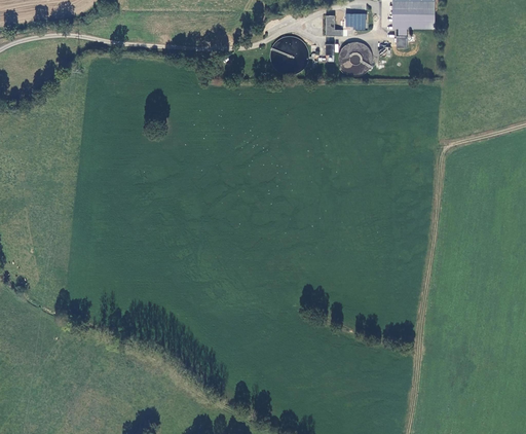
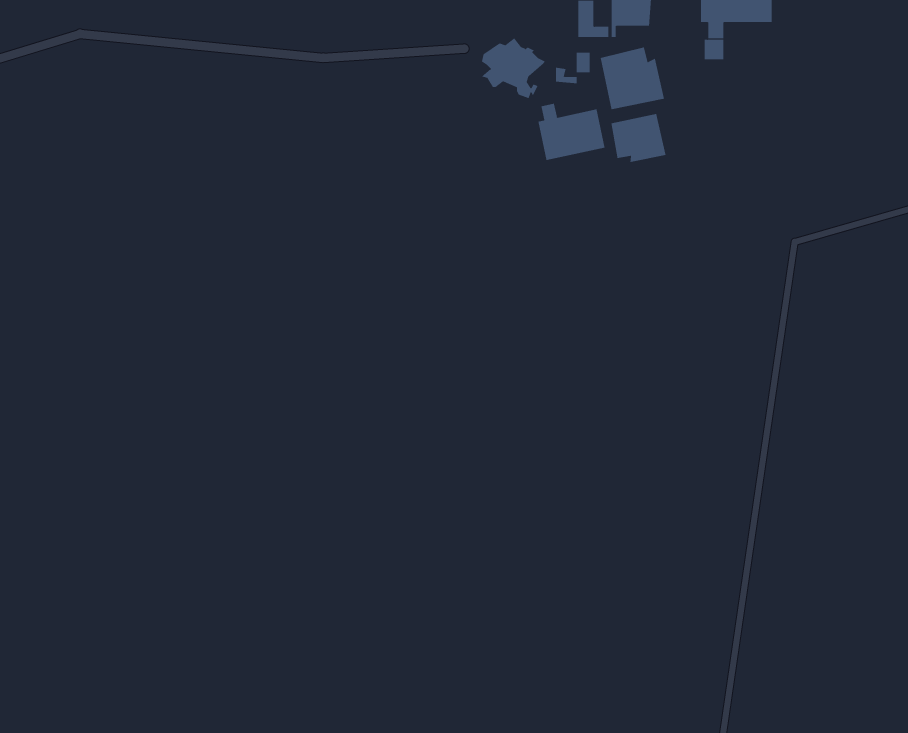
building: none -> [538,103,605,161]
building: none -> [611,113,666,163]

